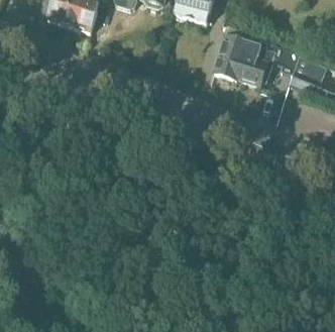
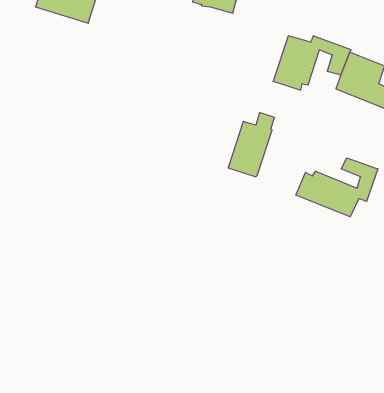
building: [215,26,252,78] -> [228,113,275,177]
building: none -> [296,158,378,217]

